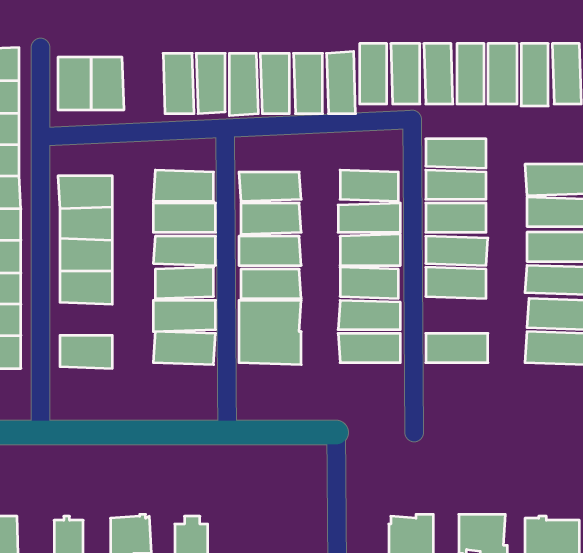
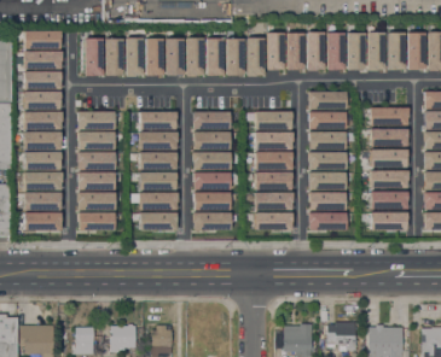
building: none -> [124,36,143,75]
building: none -> [307,191,344,210]
building: none -> [80,192,112,212]

